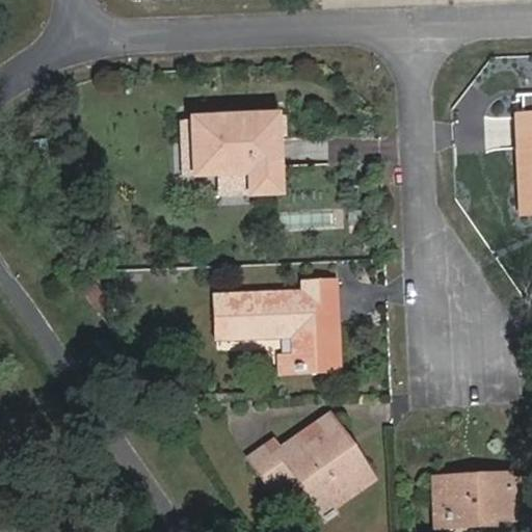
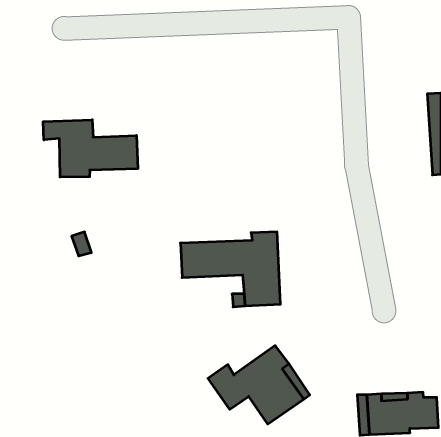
building: [190,112,280,193] -> none
building: none -> [43,120,138,177]

